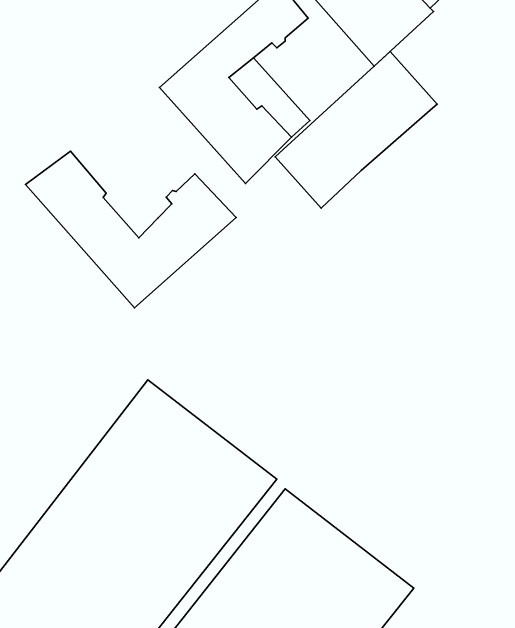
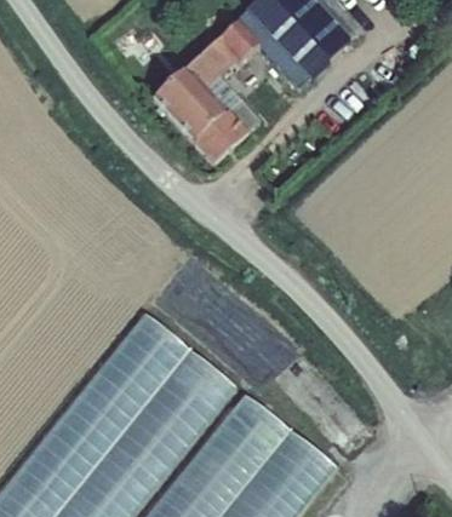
building: [275,51,437,208] -> none
building: [26,151,236,308] -> none

